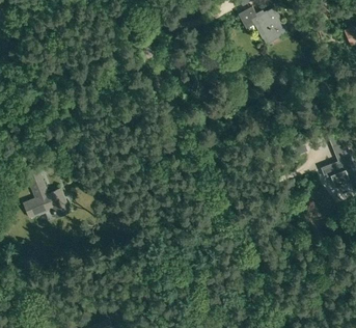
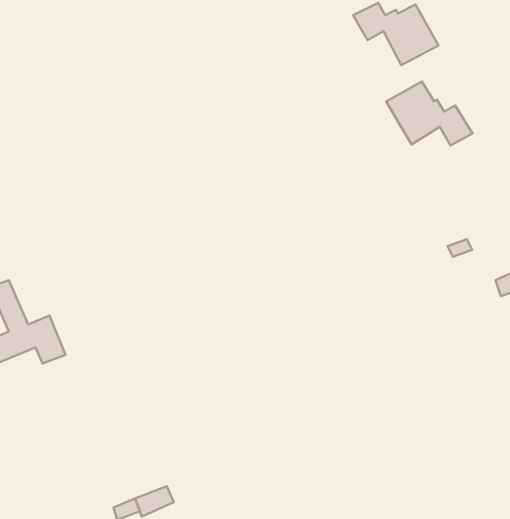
building: none -> [386,81,472,146]

